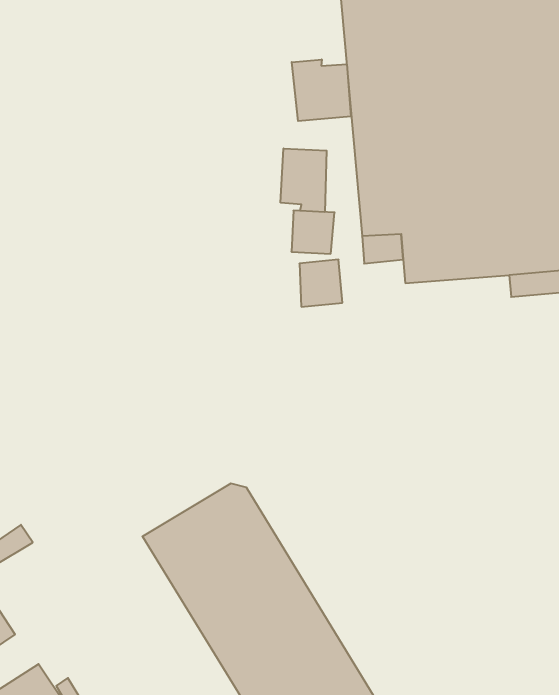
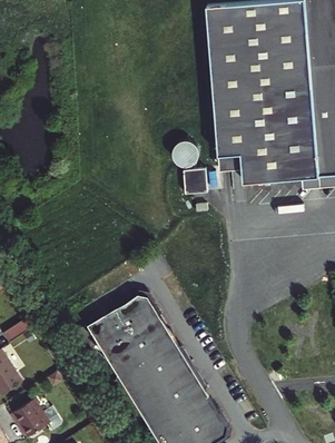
building: [292,59,351,121] -> none
building: [281,148,327,212] -> none

